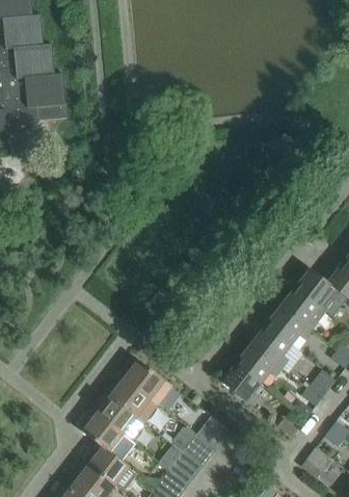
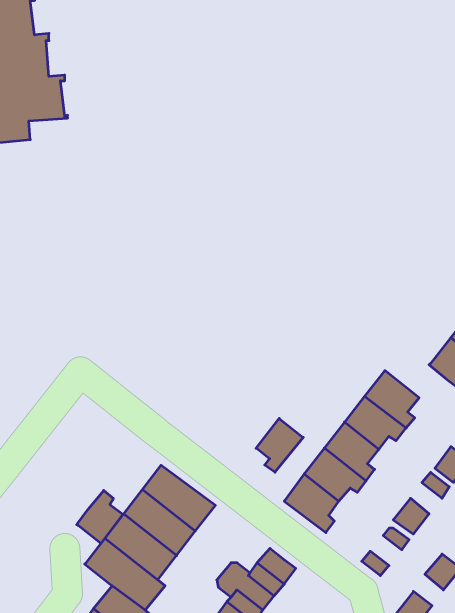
building: [295,268,340,308] -> none
building: none -> [256,418,303,472]
building: none -> [77,490,123,544]

